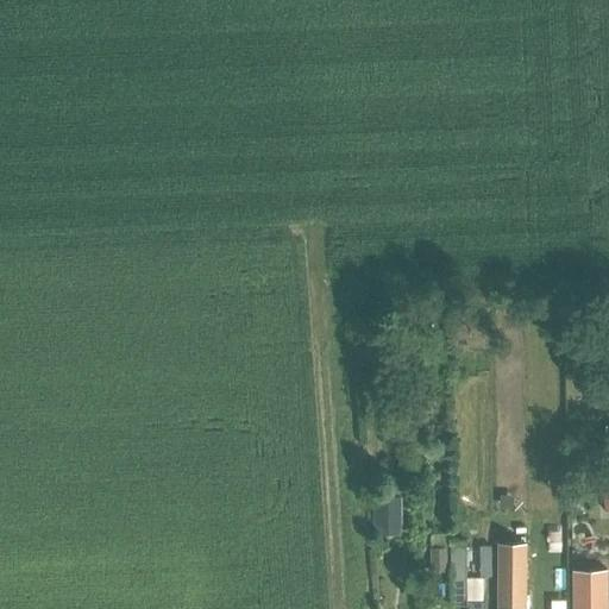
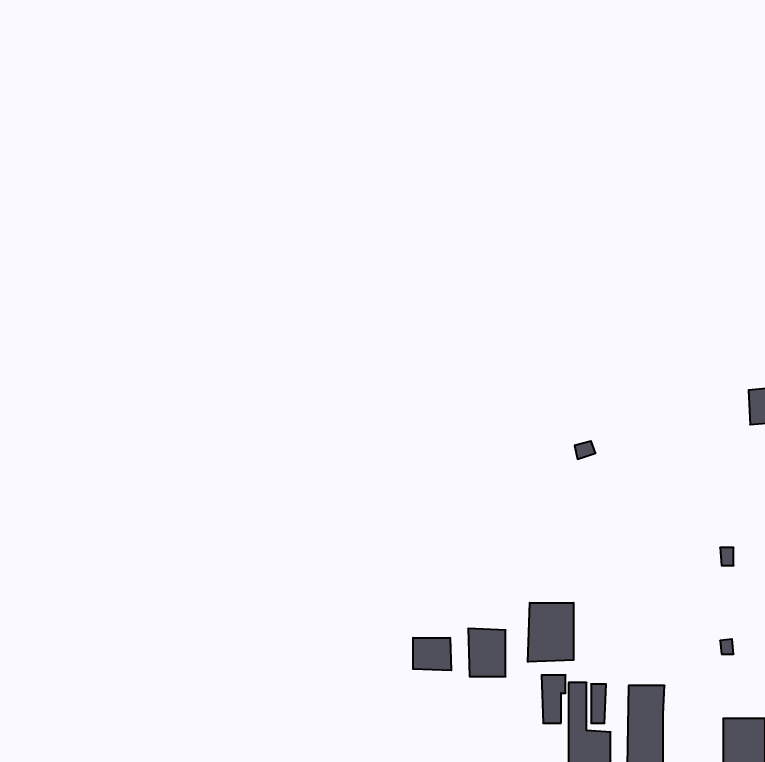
building: none -> [528,603,574,662]
building: none -> [413,638,451,670]

